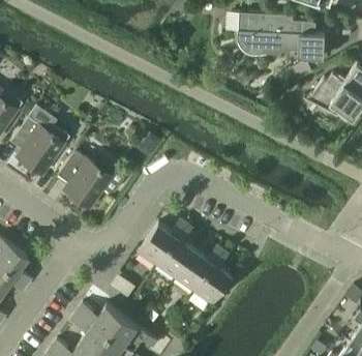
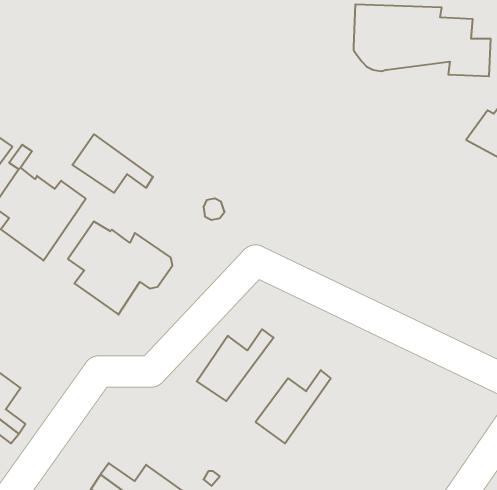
building: none -> [72,134,153,193]
building: [157,226,197,279] -> none
building: [194,251,233,305] -> none

